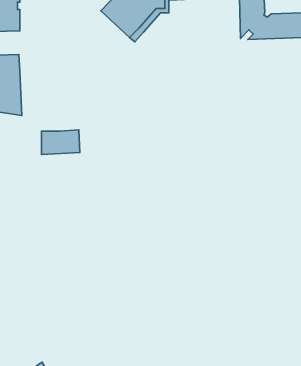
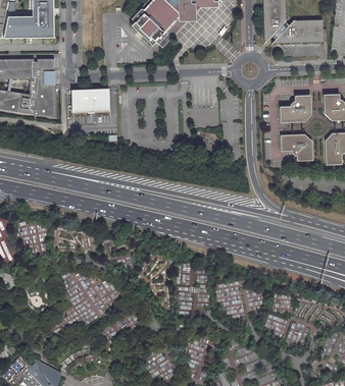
building: none -> [281,95,311,122]
building: [42,130,80,155] -> [73,90,110,113]
building: none -> [281,133,312,161]

